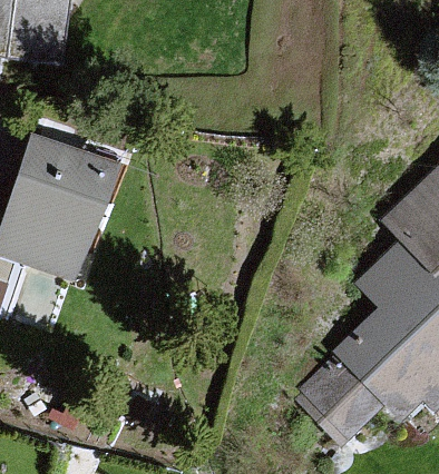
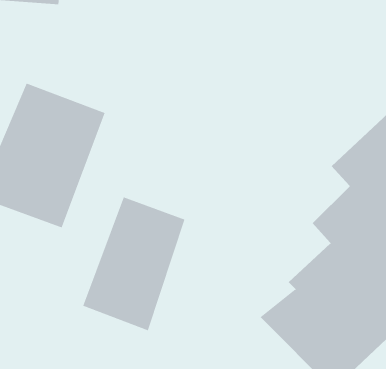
building: none -> [83,197,185,331]

